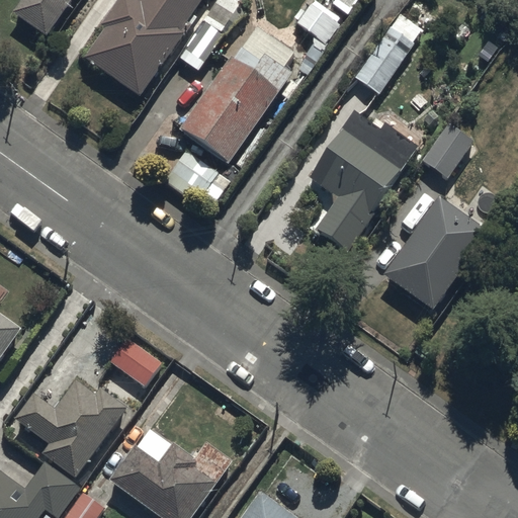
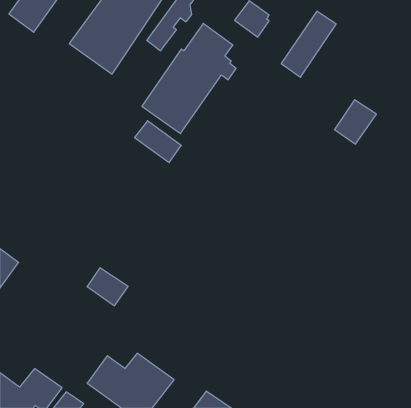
building: [286,111,412,250] -> none
building: [385,195,484,305] -> none
building: [15,379,127,478] -> none

